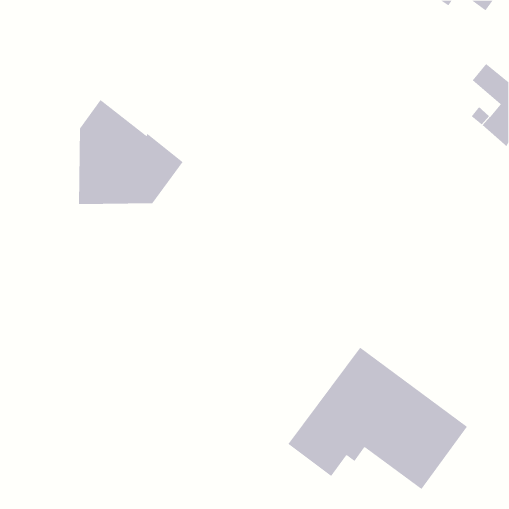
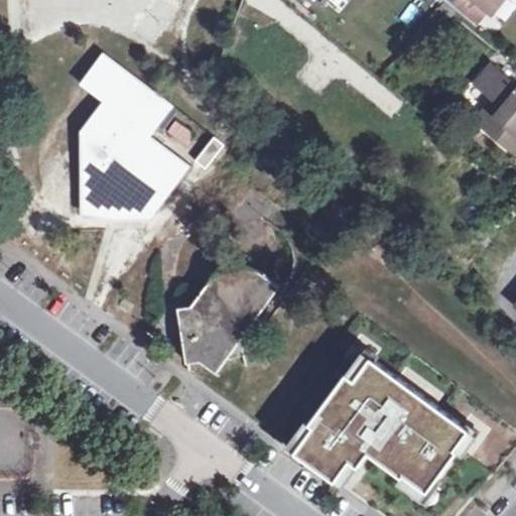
building: none -> [78,54,171,139]
building: none -> [176,268,279,373]

